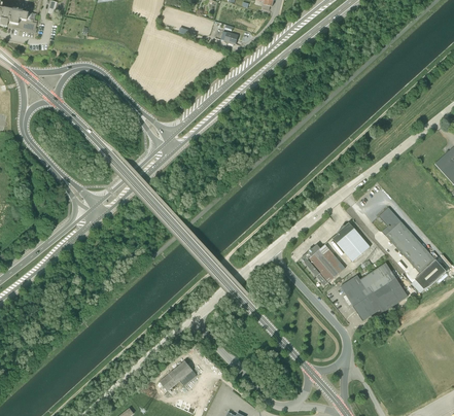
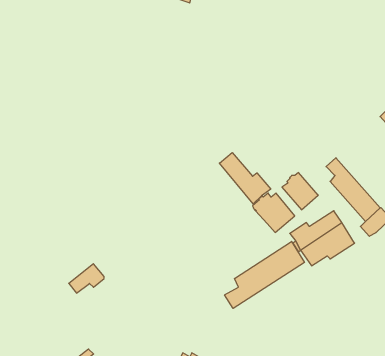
building: none -> [219,153,271,204]
building: none -> [225,241,304,308]
building: [159,360,196,391] -> [69,264,104,293]

